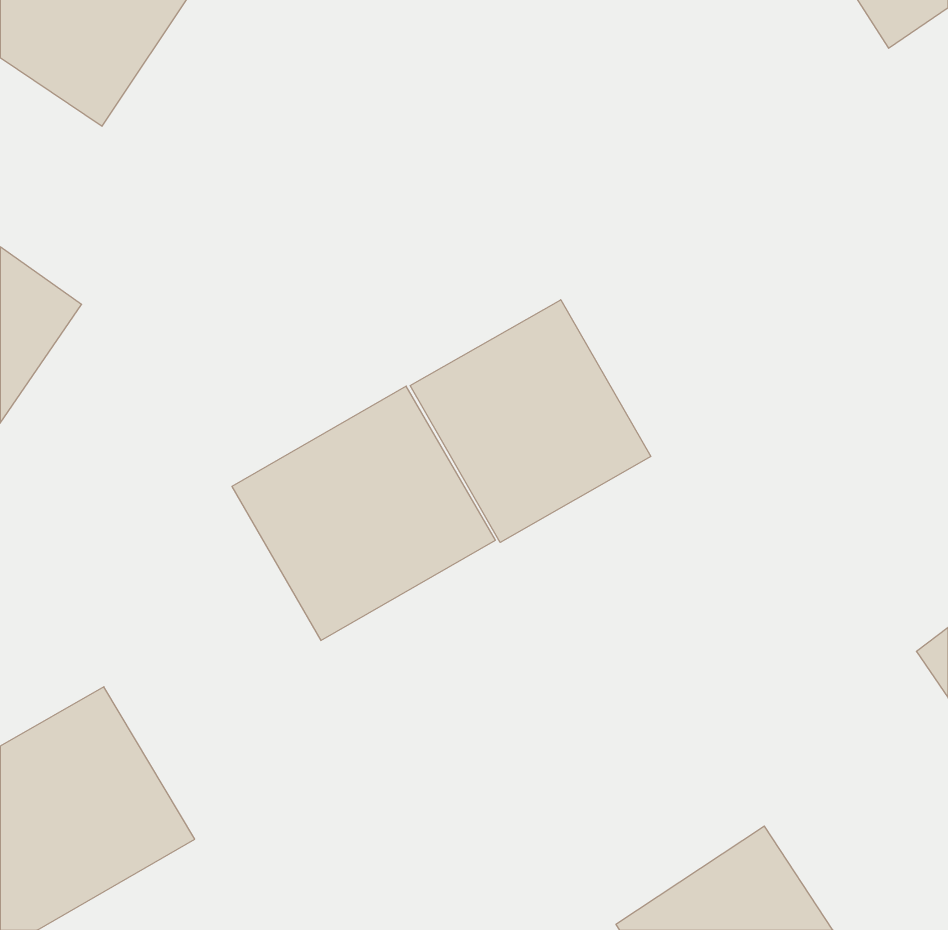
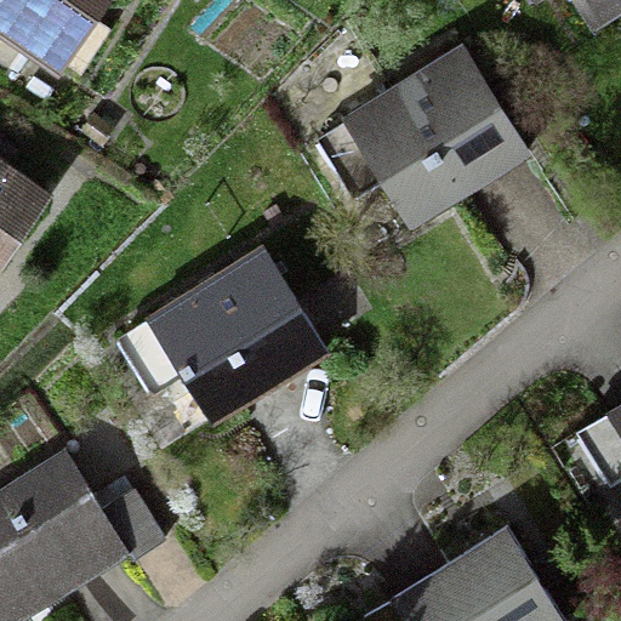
building: none -> [351,57,518,224]
building: [410,300,651,542] -> none

